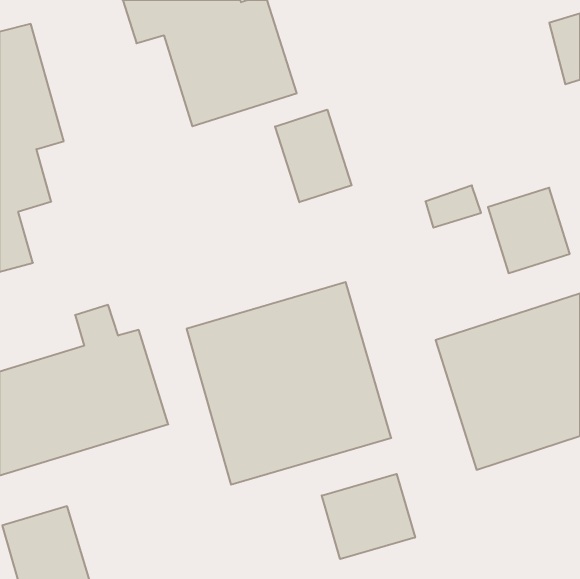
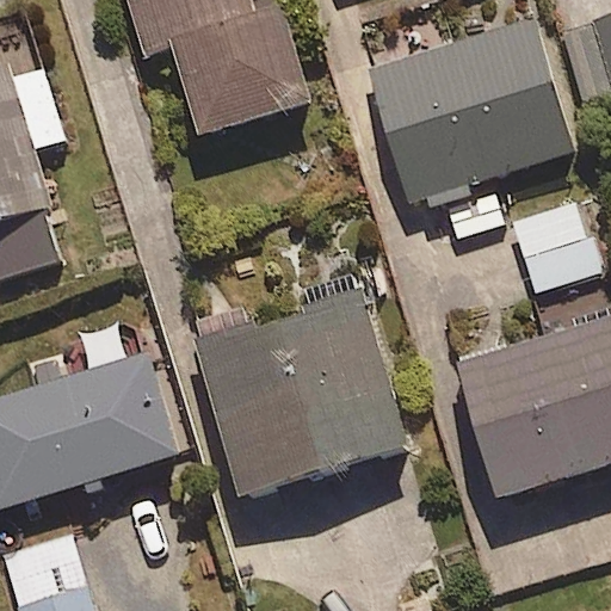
building: none -> [357,20,579,210]
building: [275,110,352,202] -> none
building: [322,474,415,559] -> none

